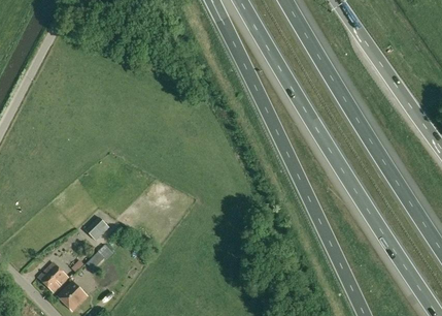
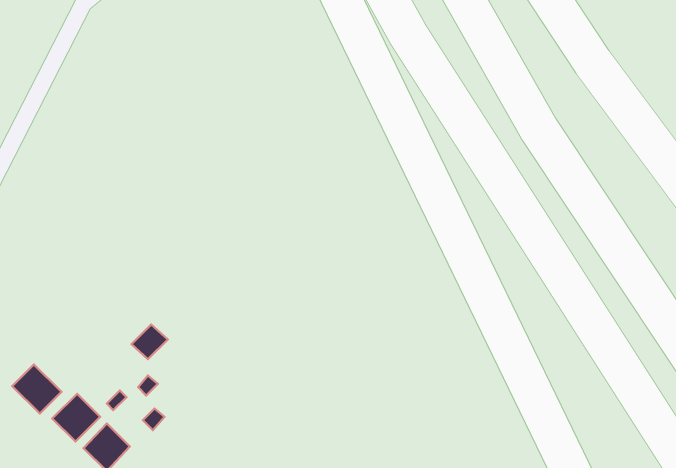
building: none -> [12,364,61,414]

